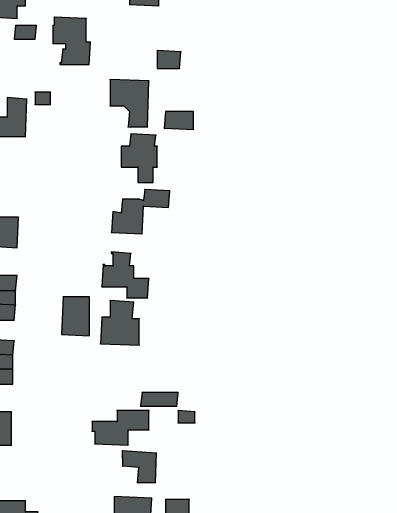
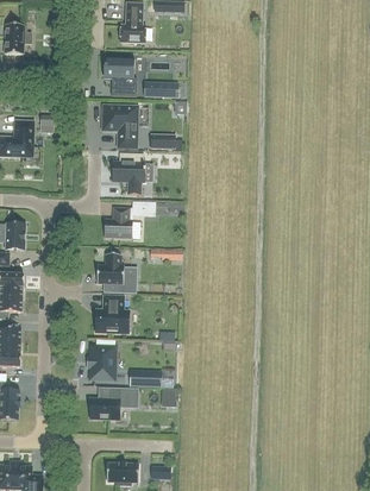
building: [53,17,90,64] -> [104,56,136,96]
building: [62,297,89,336] -> [90,347,114,380]
building: [123,451,156,483] -> none

